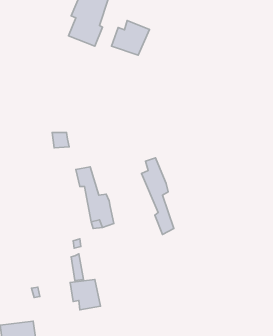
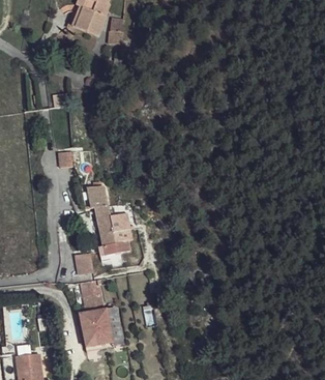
building: [112,21,150,55] -> none
building: [141,158,174,234] -> none

